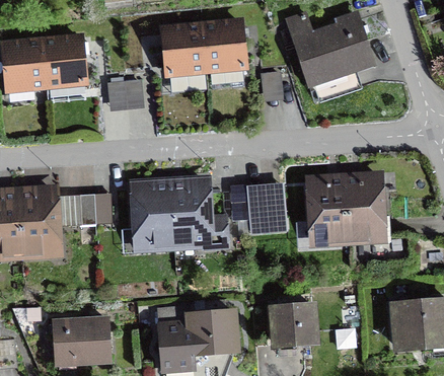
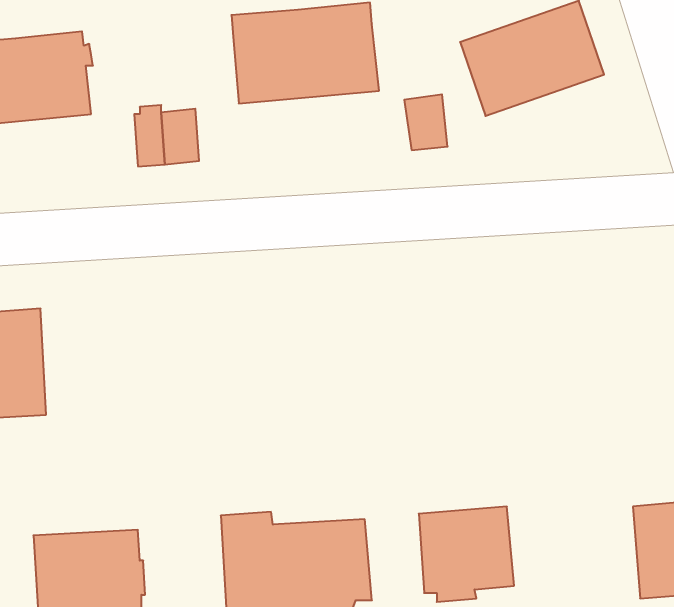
building: [307,175,390,242] -> none
building: [134,181,226,243] -> none
building: [230,183,285,220] -> none
building: [77,193,113,226] -> none

